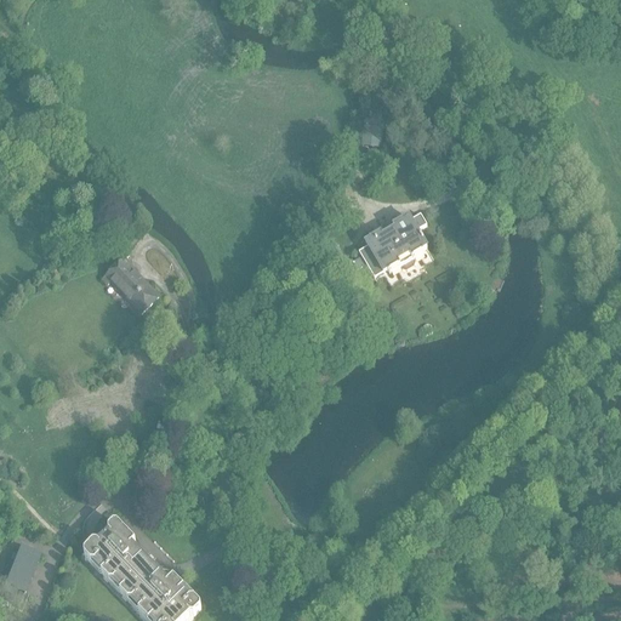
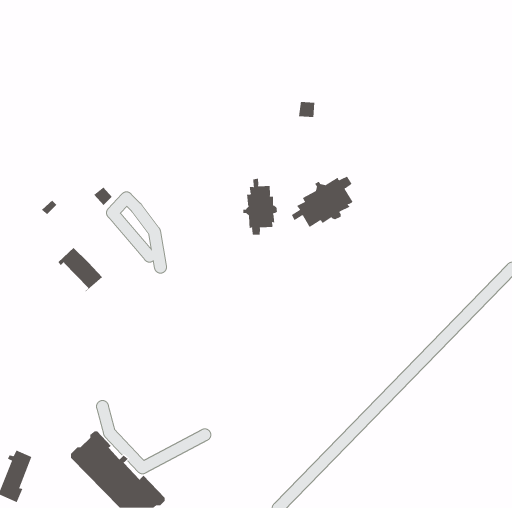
building: none -> [243,178,278,236]
building: [103,257,158,312] -> [58,247,103,292]

